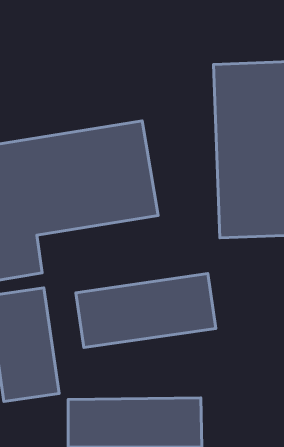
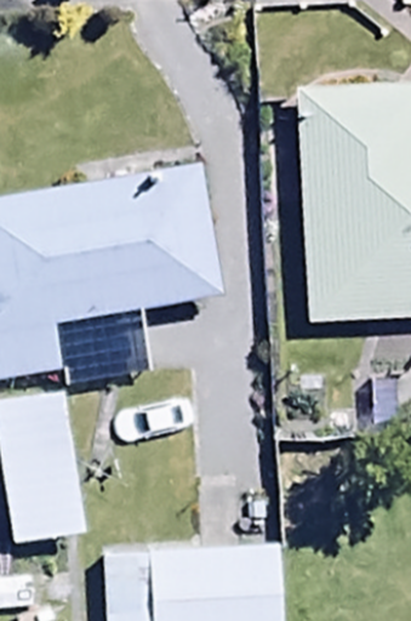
building: [76,274,216,348] -> none

